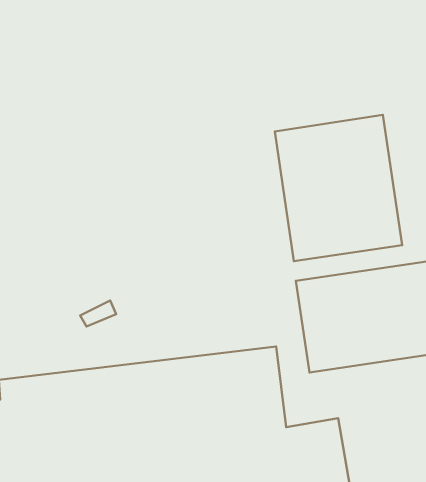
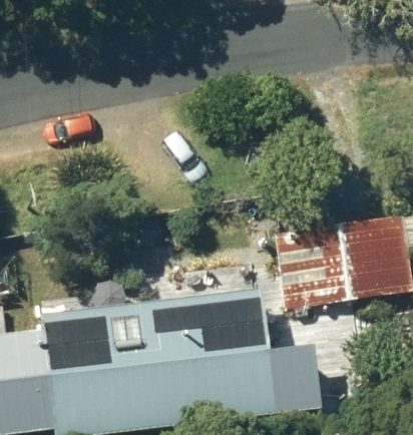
building: [275,115,402,261] -> none

